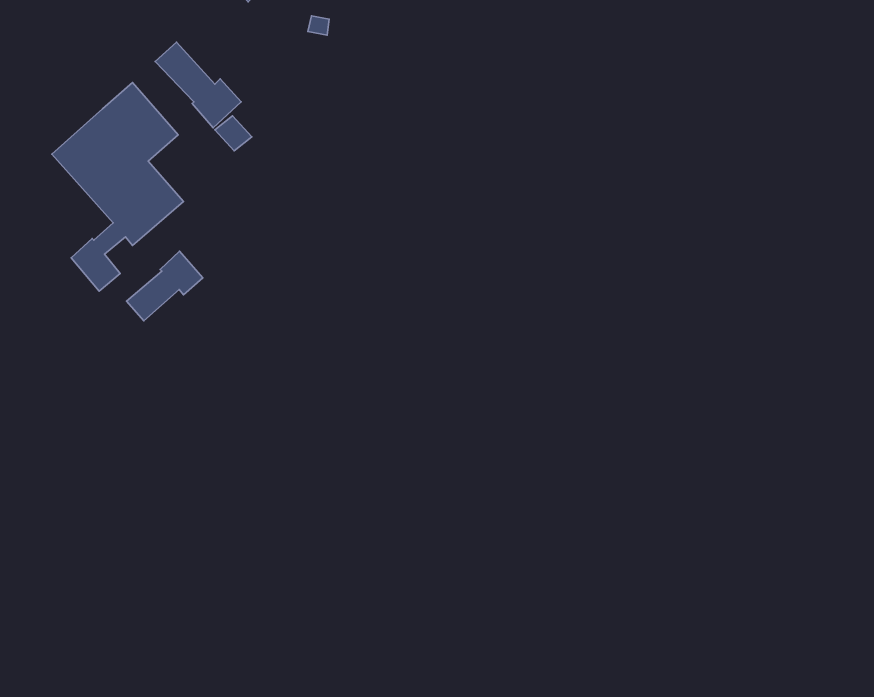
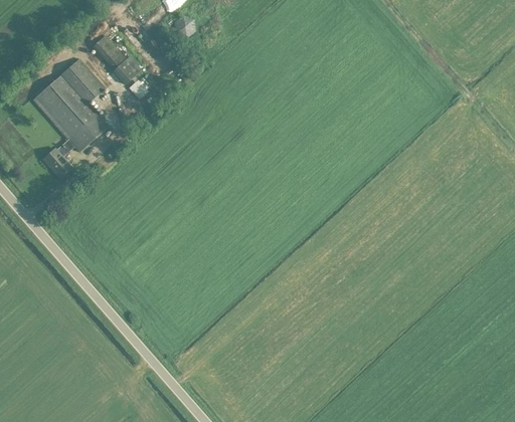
building: [126,251,203,321] -> none

